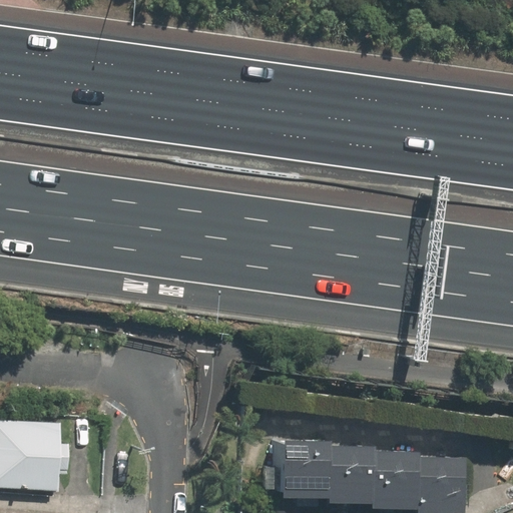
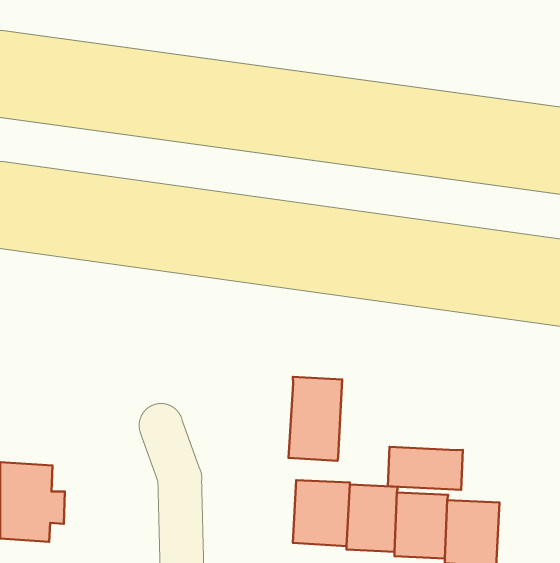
building: none -> [288,377,342,461]
building: none -> [388,447,463,490]

